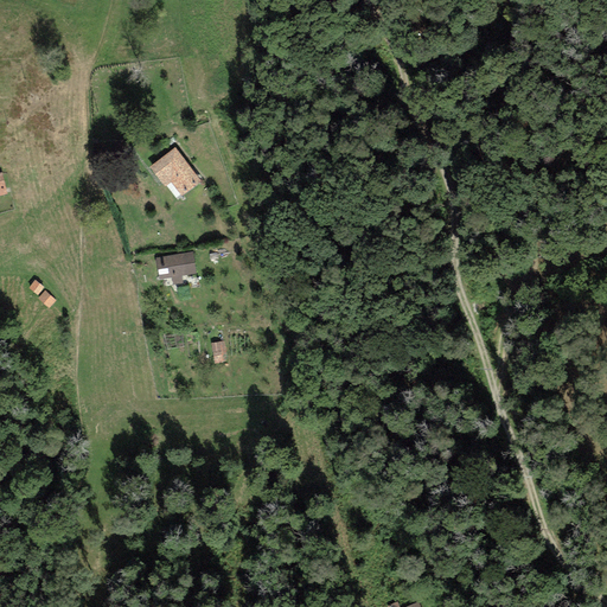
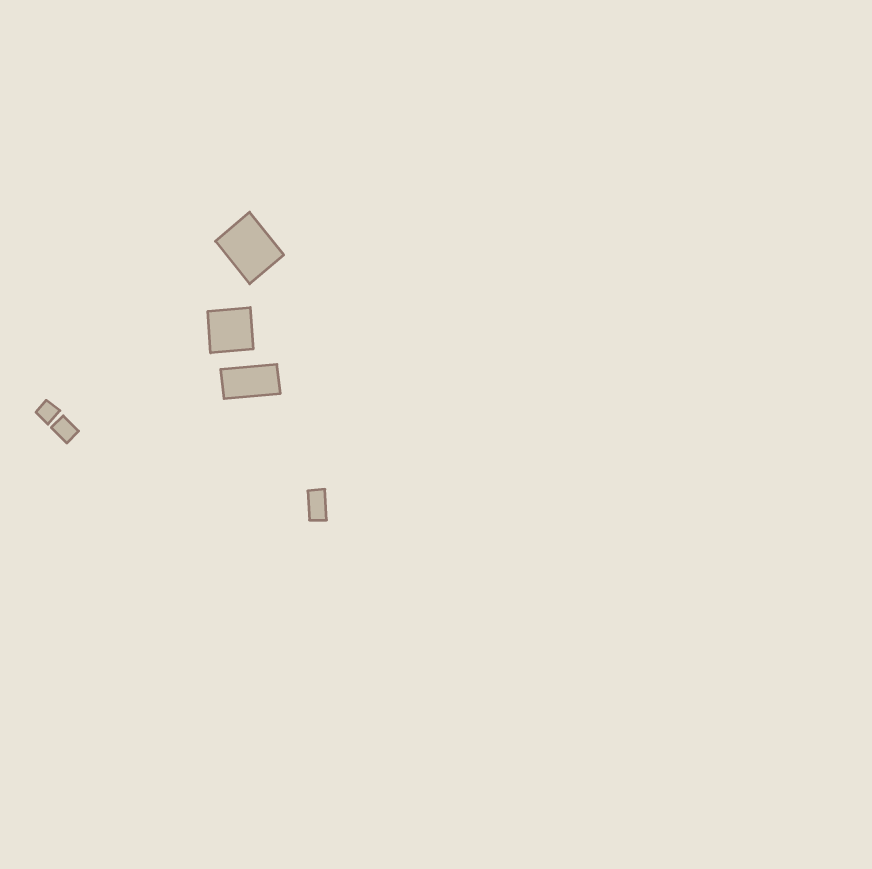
building: none -> [208,307,253,353]

